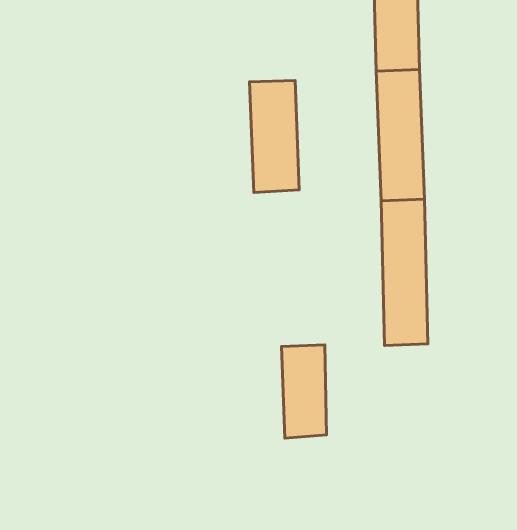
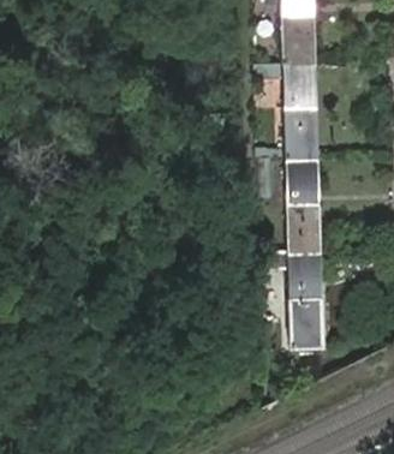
building: [249,80,299,193] -> none
building: [282,345,327,438] -> [289,277,322,345]

